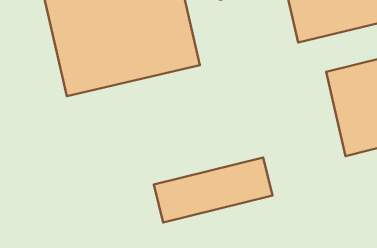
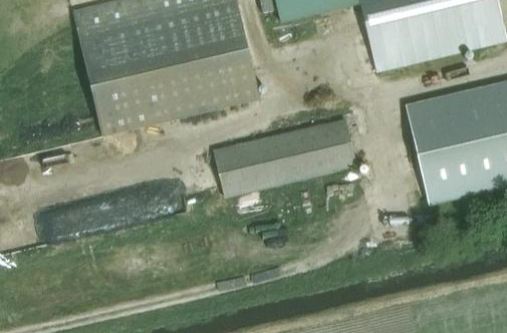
building: [154,158,272,222] -> [214,119,355,197]

